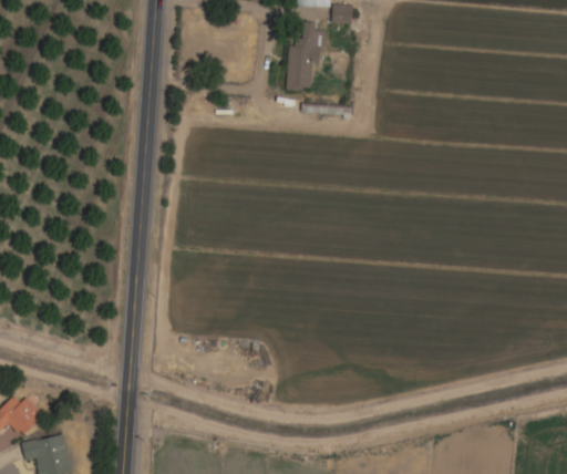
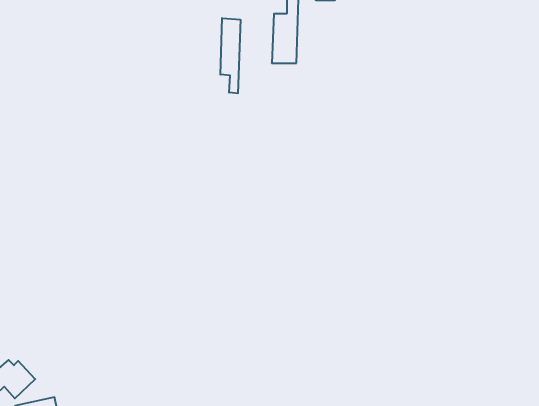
building: none -> [220,18,240,93]

